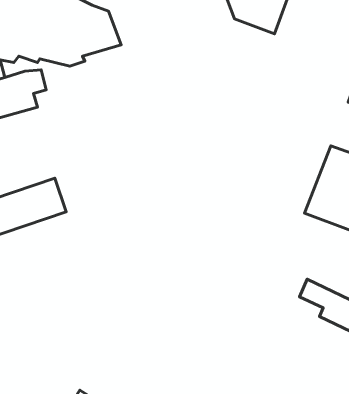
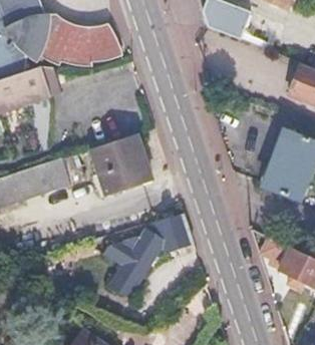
building: none -> [90,134,152,197]
building: none -> [100,214,193,298]

